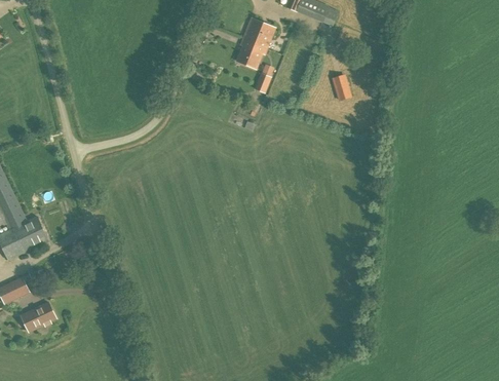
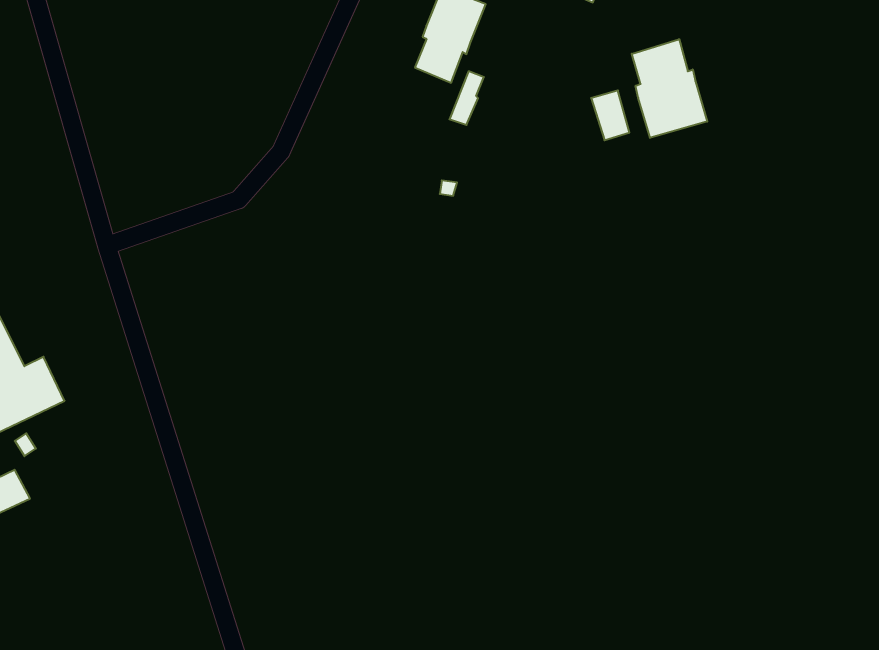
building: none -> [632,39,707,138]
building: [21,302,55,332] -> none

